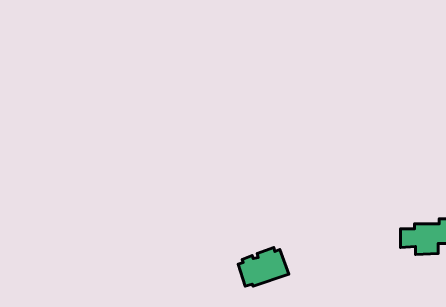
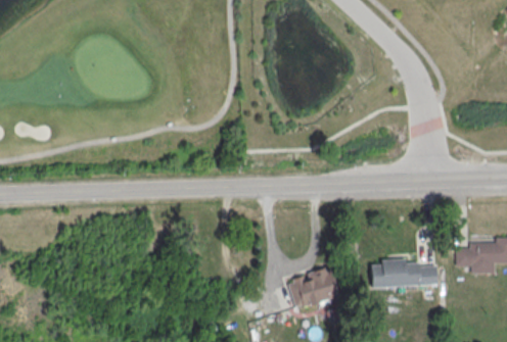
building: none -> [371,258,437,288]

